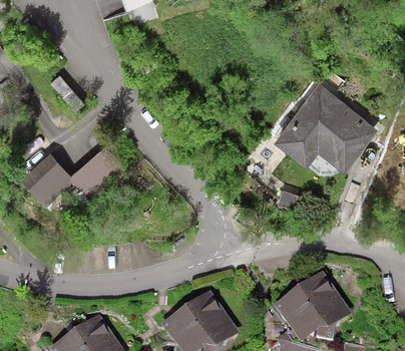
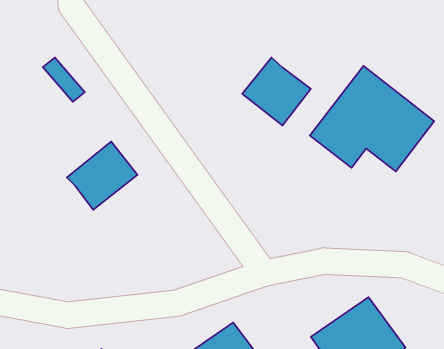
building: none -> [242,58,311,125]
building: [18,149,74,206] -> none

